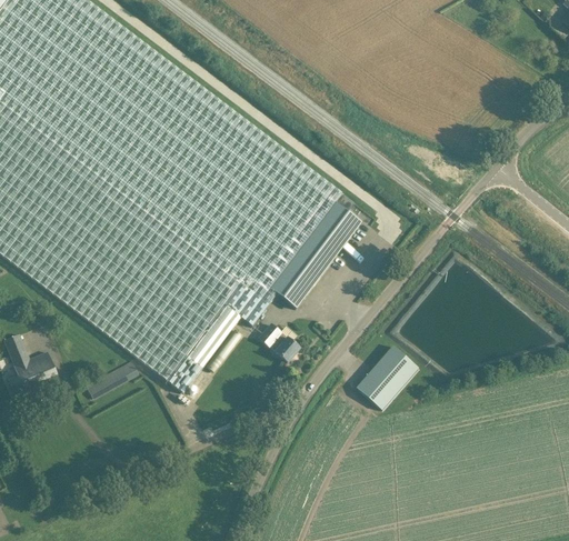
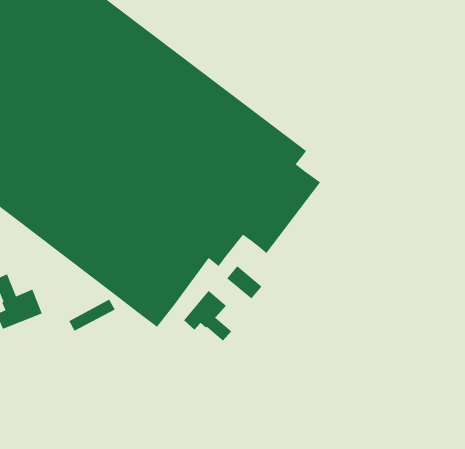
building: [355,343,417,407] -> none
building: none -> [183,290,232,342]

